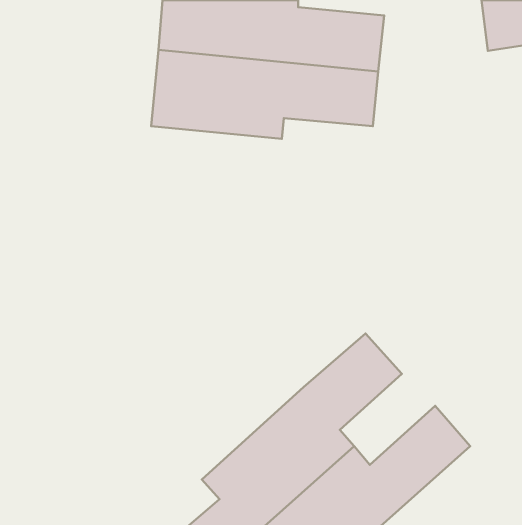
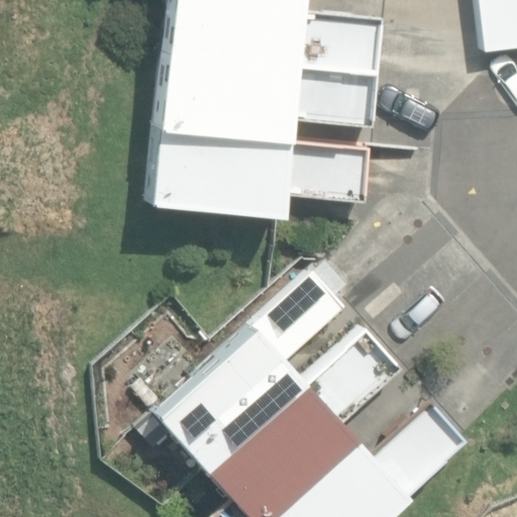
building: none -> [146,127,370,216]
building: none -> [153,272,343,472]

